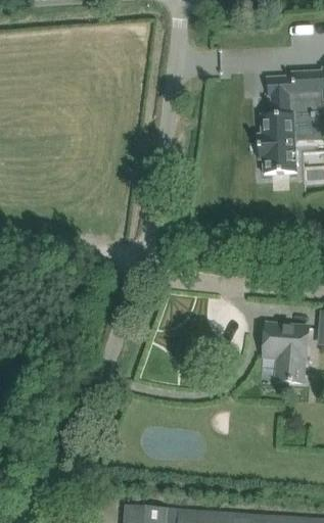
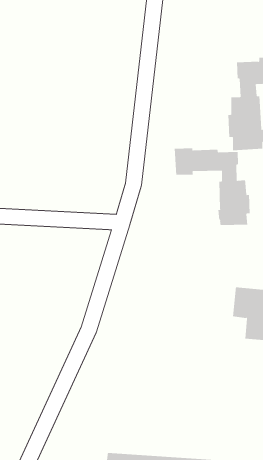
building: none -> [174,147,250,226]

